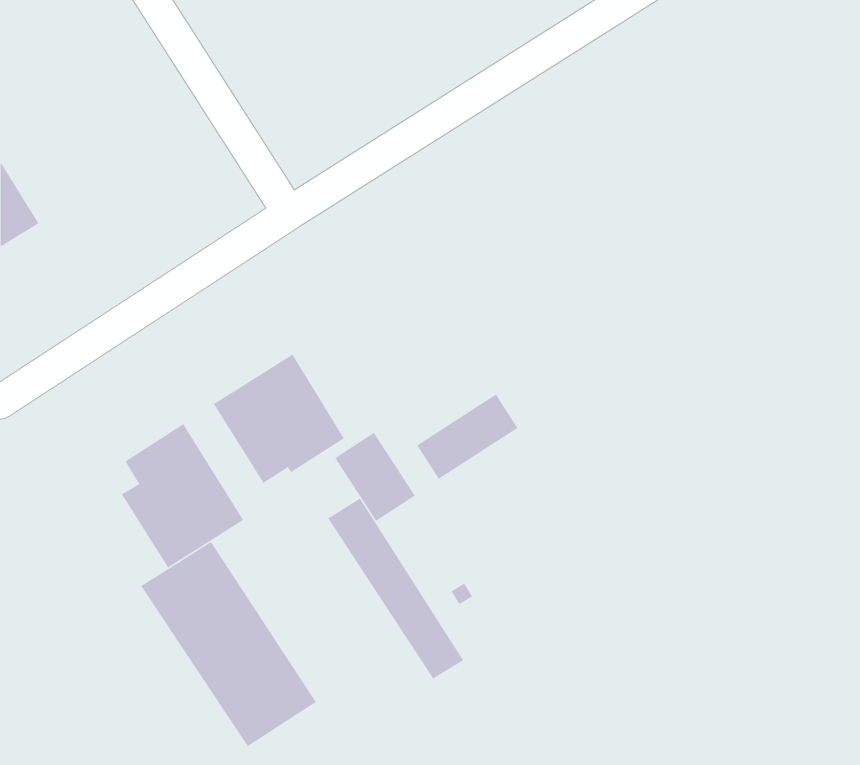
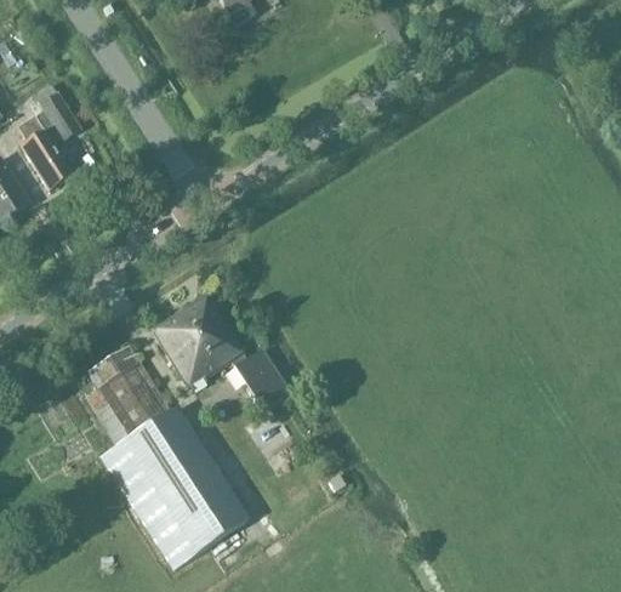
building: none -> [17,85,81,190]
building: [416,393,519,480] -> none
building: [327,497,464,679] -> [149,410,245,537]

